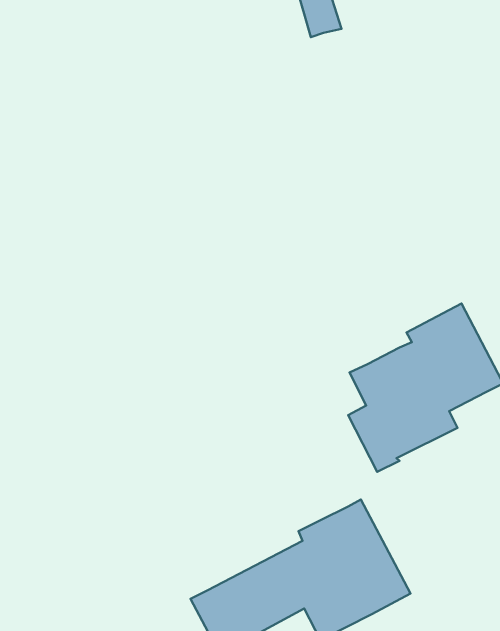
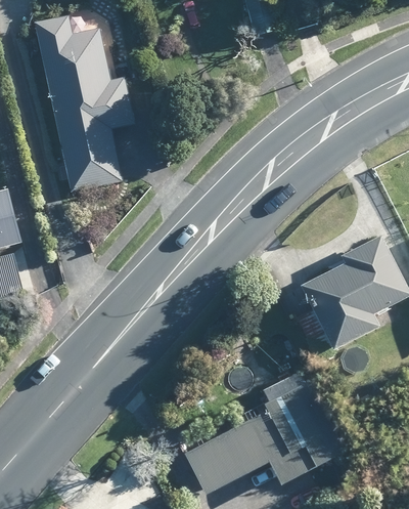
building: none -> [37,16,134,193]

